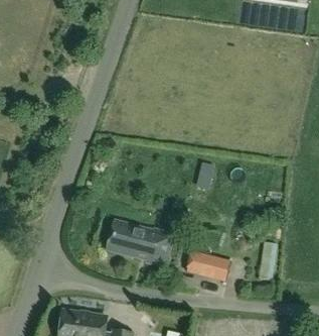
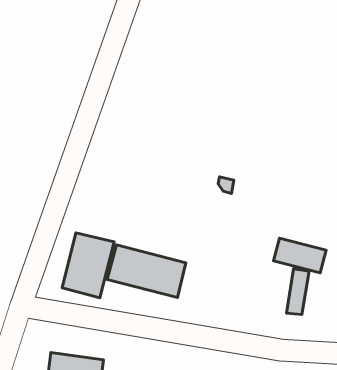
building: none -> [62,233,114,298]
building: [187,247,231,276] -> [273,238,326,273]

